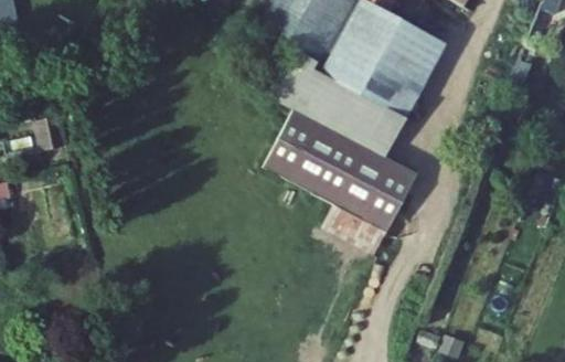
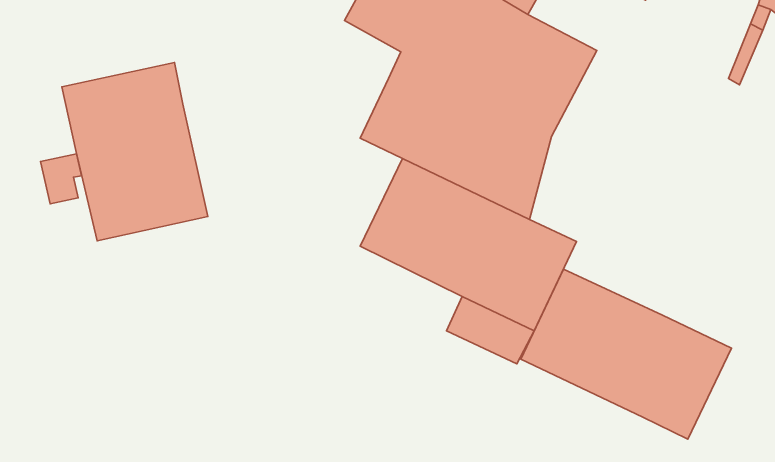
building: none -> [62,63,208,241]
building: none -> [521,269,732,439]

